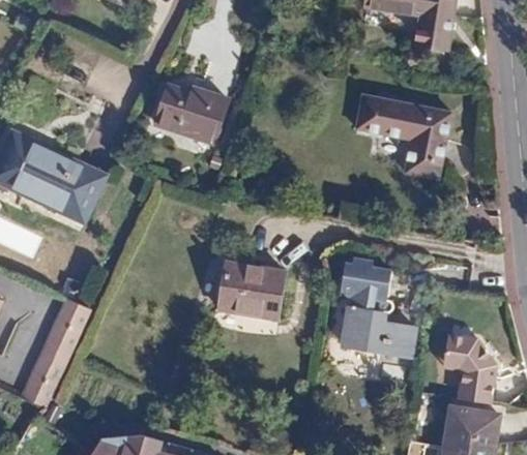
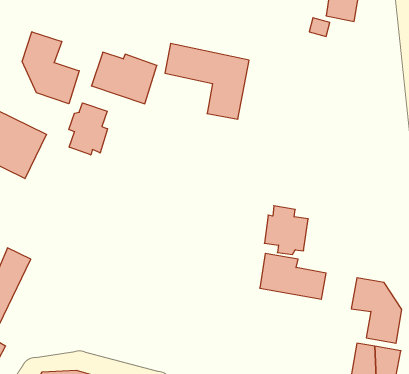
building: none -> [22,32,79,104]
building: [356,94,449,178] -> [165,43,249,119]
building: none -> [69,103,108,155]
building: [217,263,283,320] -> none

